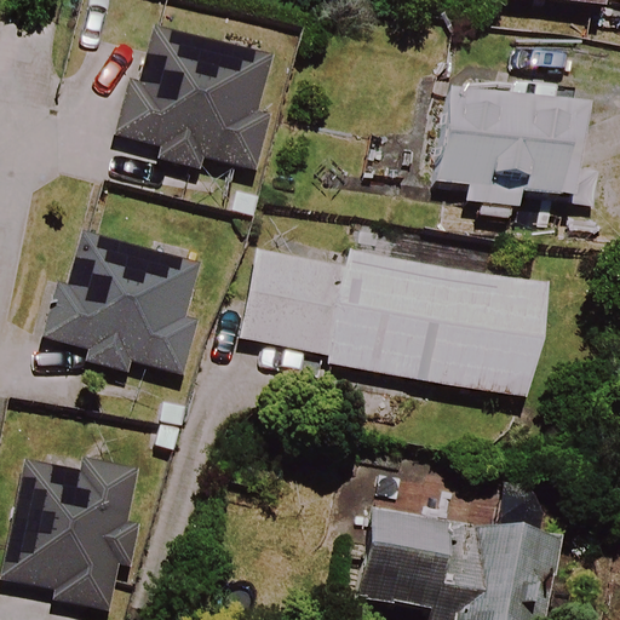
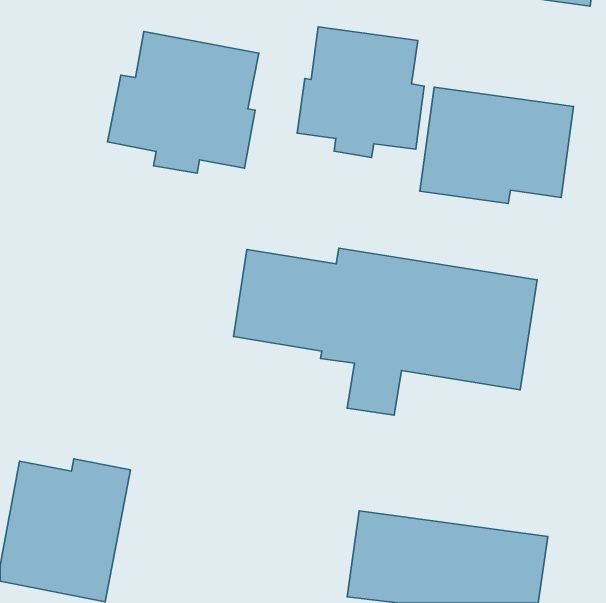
building: none -> [297,27,424,157]
building: [50,235,197,377] -> none

